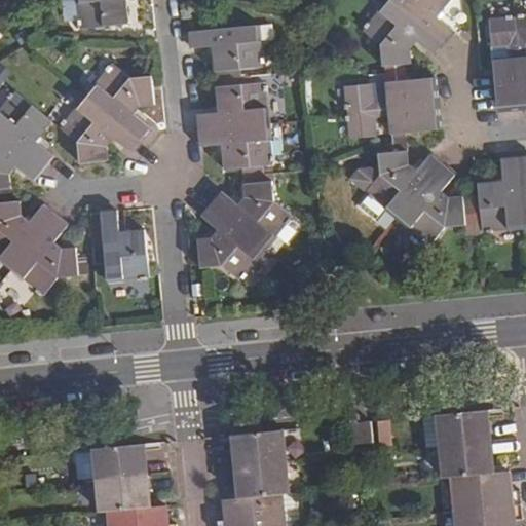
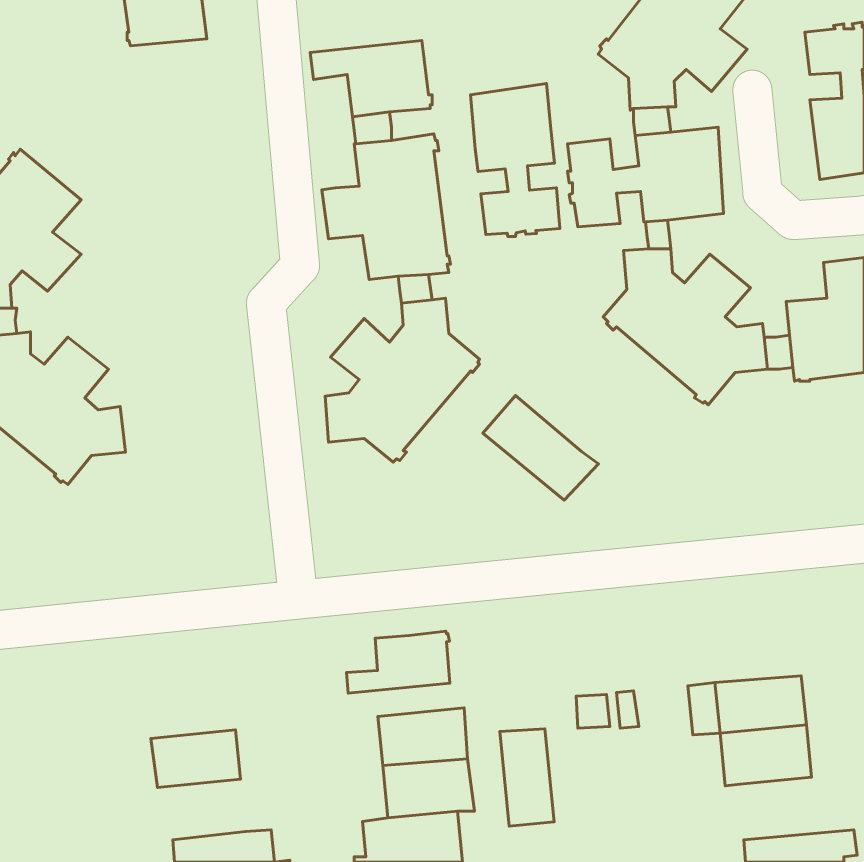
building: none -> [471,84,560,236]
building: [59,64,154,160] -> none
building: [99,210,147,281] -> none
building: none -> [483,396,598,500]
building: none -> [347,631,450,693]
building: none -> [500,729,554,826]
building: [449,469,518,510] -> none
building: [96,473,149,510] -> none

